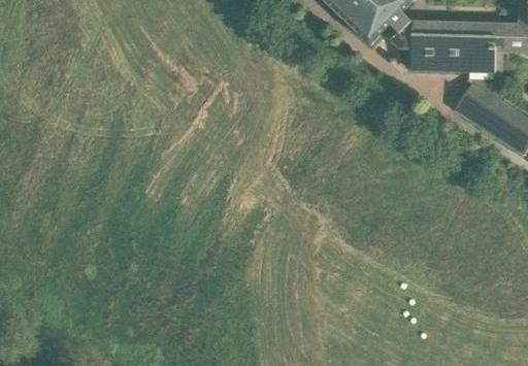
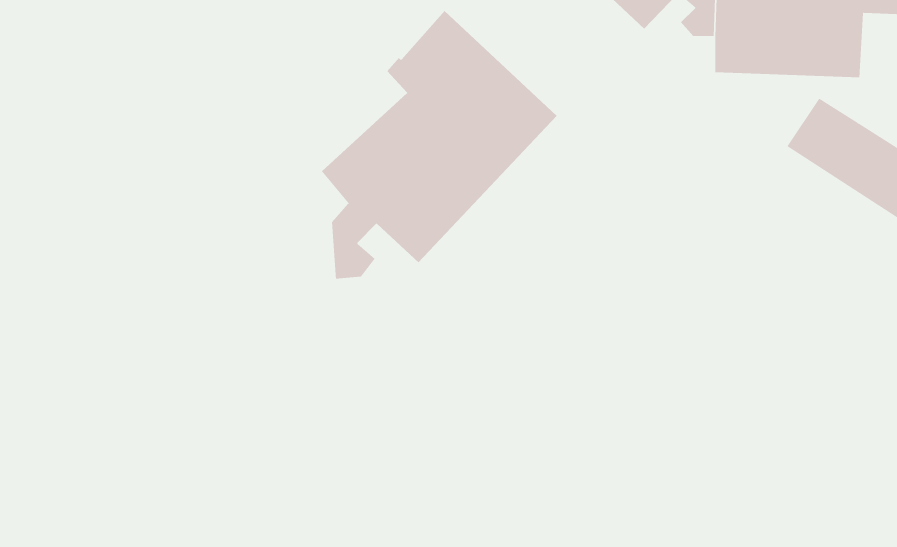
building: none -> [321,10,557,279]

